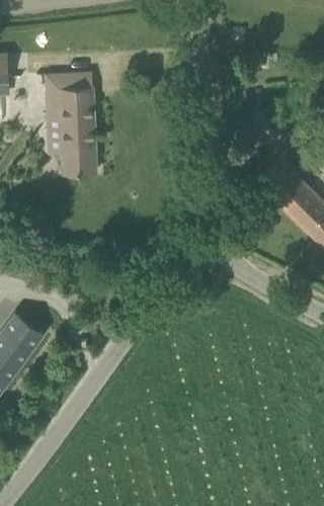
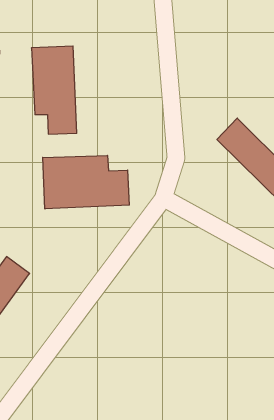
building: none -> [43,155,129,209]

